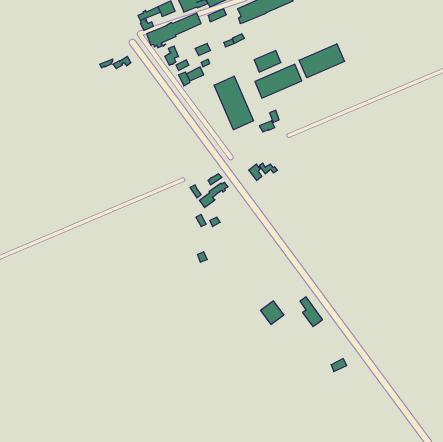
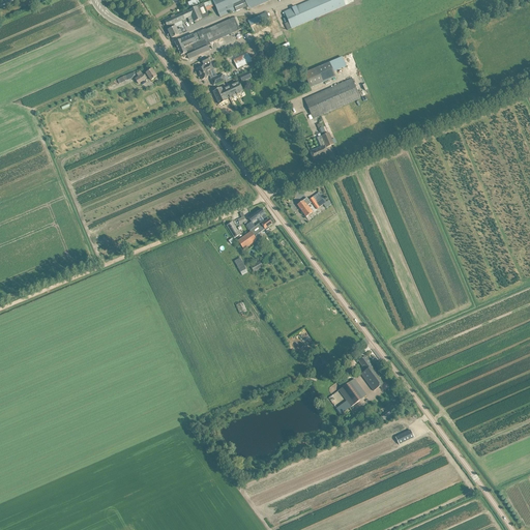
building: [299,44,345,78] -> none
building: [214,76,254,130] -> none
building: [261,301,284,324] -> [338,377,366,405]

